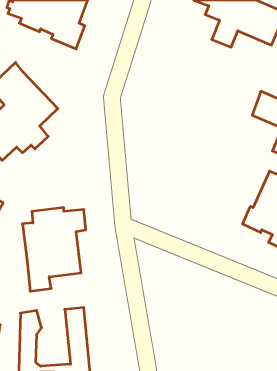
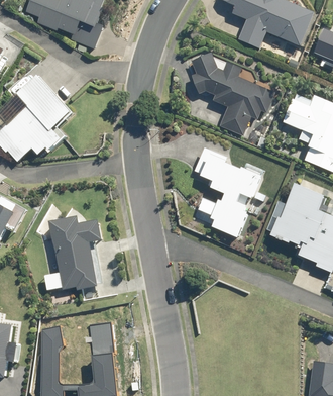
building: none -> [190,51,273,134]
building: none -> [194,148,266,238]

